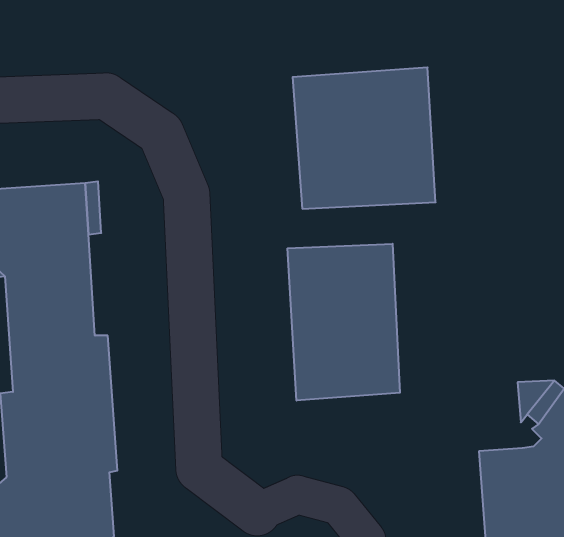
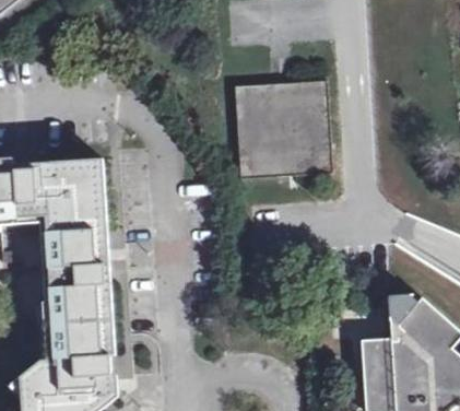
building: [288,244,400,401] -> none

